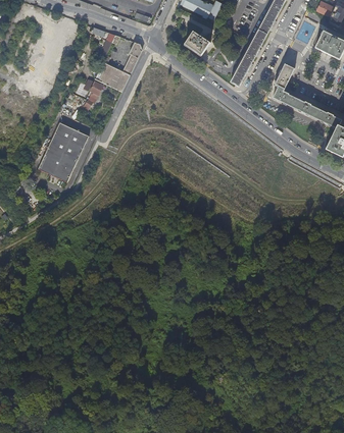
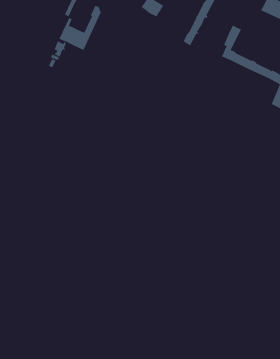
building: [38,121,88,181] -> none

